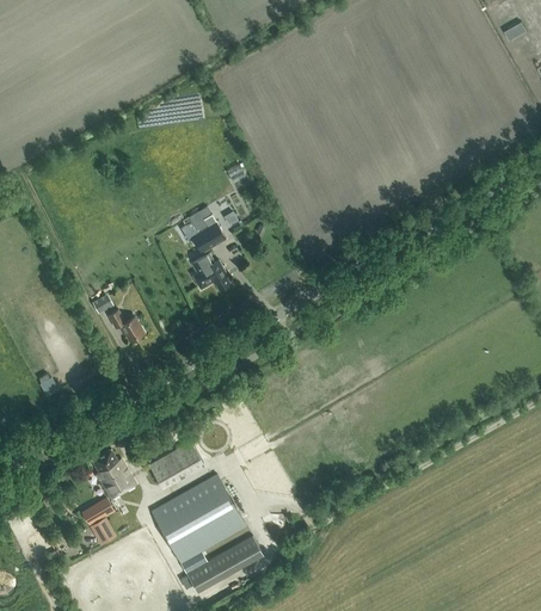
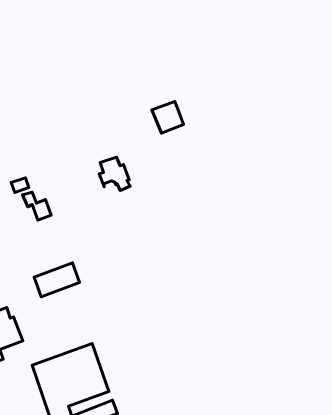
building: [186,214,226,253] -> [152,101,183,133]
building: [149,440,203,486] -> [34,263,80,297]

